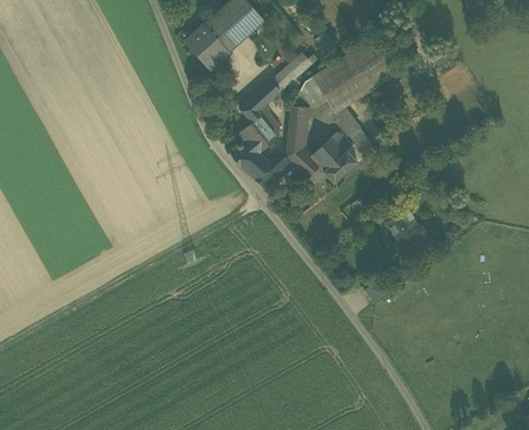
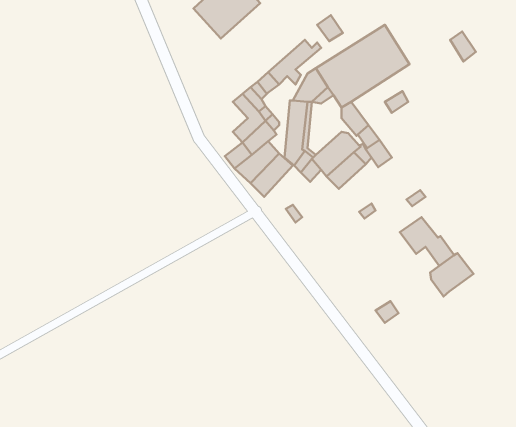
building: [185,25,228,68] -> none
building: none -> [430,253,474,296]

